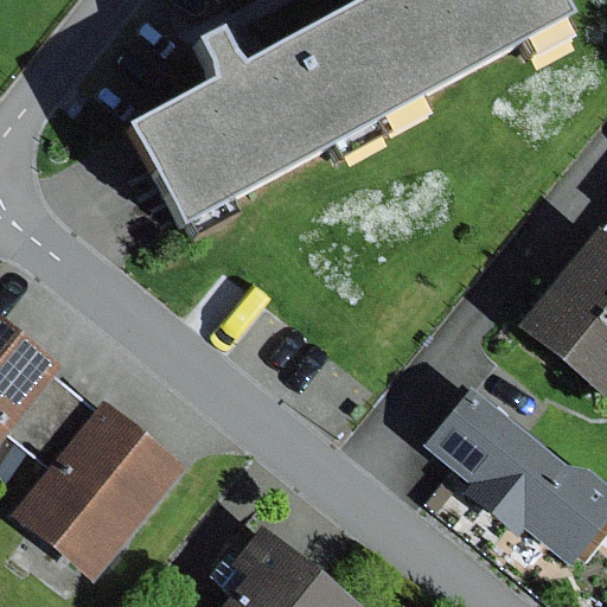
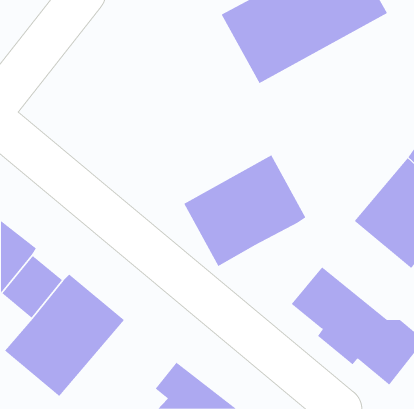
building: [123,21,381,232] -> none
building: none -> [183,154,306,267]

